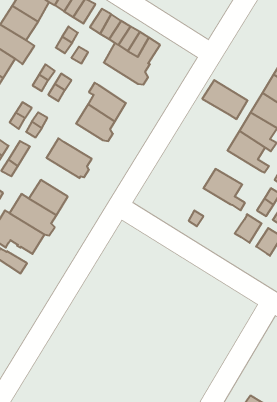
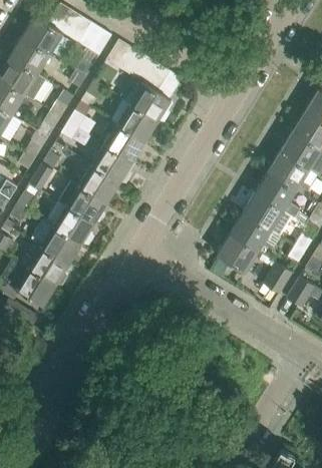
building: none -> [111,99,158,141]
building: [202,80,248,119] -> [243,192,292,235]
building: none -> [78,163,120,201]
building: none -> [46,200,95,244]
building: none -> [218,233,259,272]

